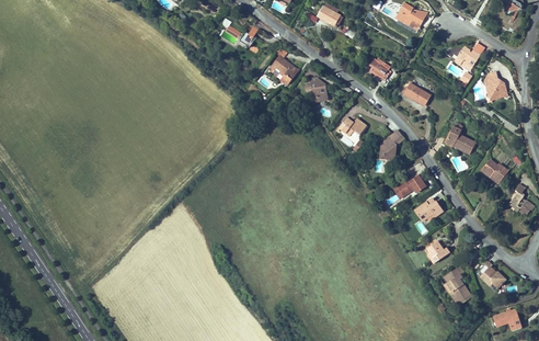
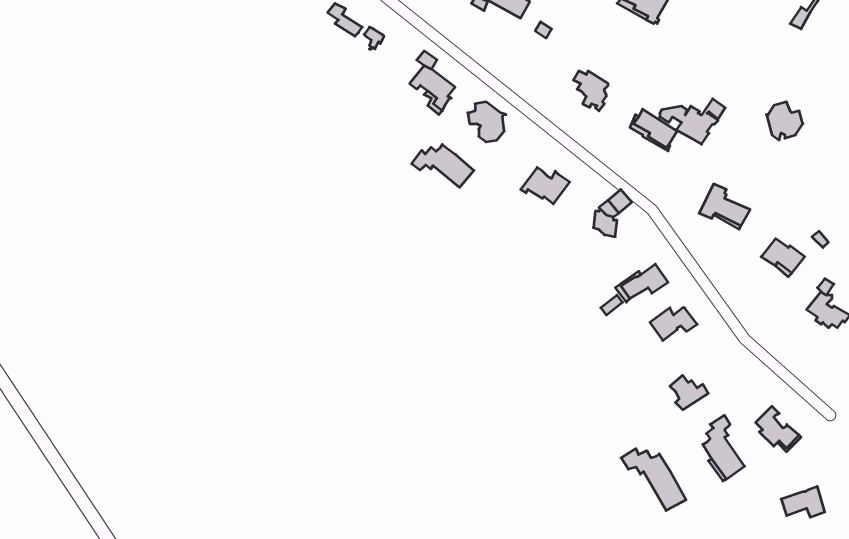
building: [445,42,484,69] -> [660,99,725,144]
building: none -> [412,144,474,187]
building: none -> [621,449,686,511]

